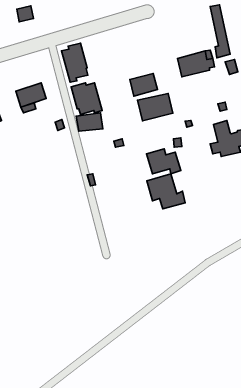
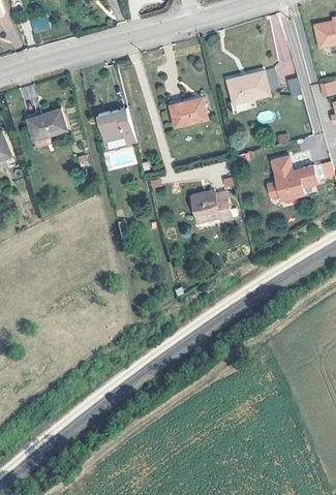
building: [61,43,88,82] -> none
building: [137,93,173,121] -> none
building: [147,174,185,209] -> none

